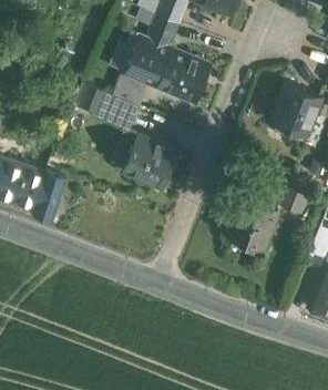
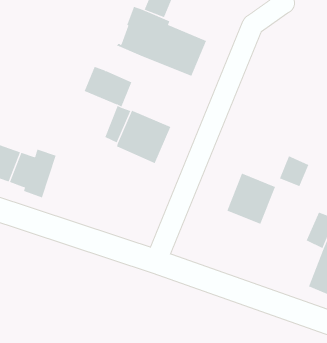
building: [113,72,148,107] -> none
building: [271,84,321,136] -> none

